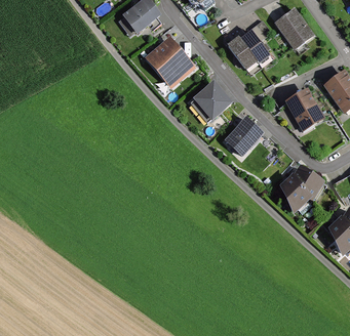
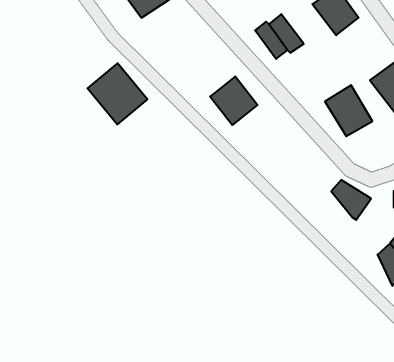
building: [146,37,195,87] -> [87,63,147,124]
building: [224,118,263,157] -> none
building: [280,175,309,211] -> none

